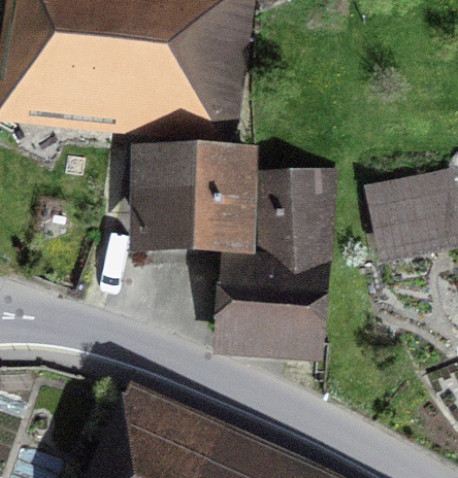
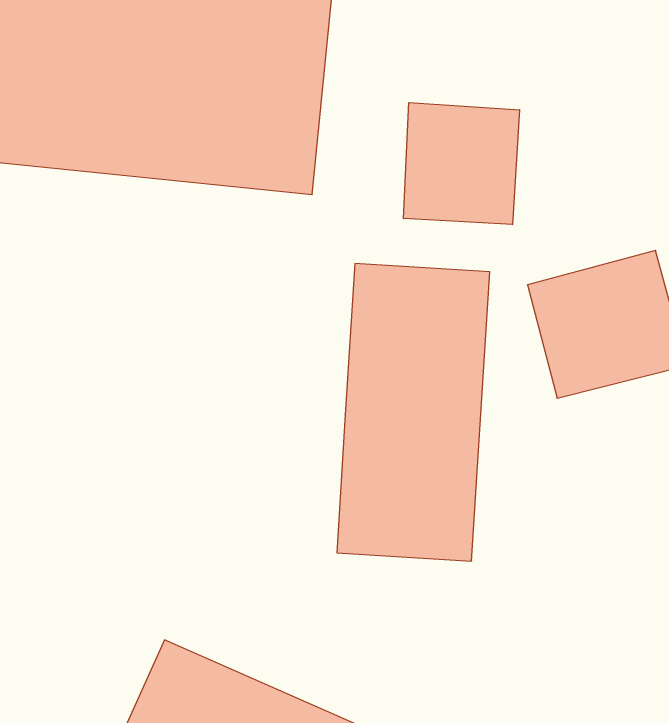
building: none -> [404,103,520,225]
building: [140,148,255,265] -> none

